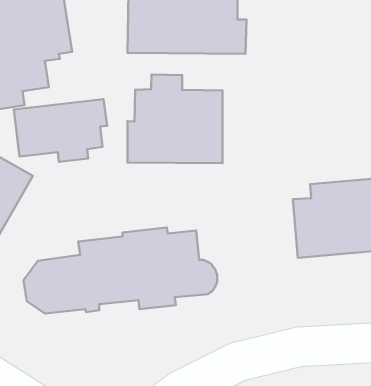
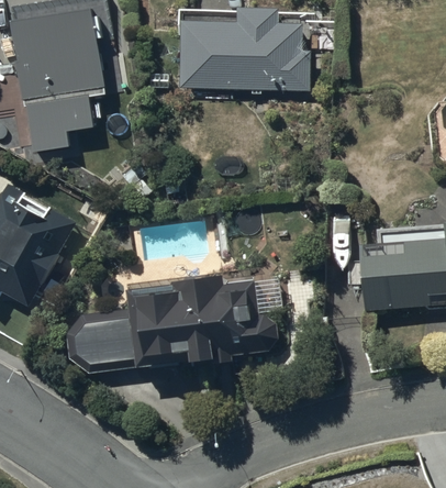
building: [127,75,223,163] -> none
building: [14,99,107,162] -> none

